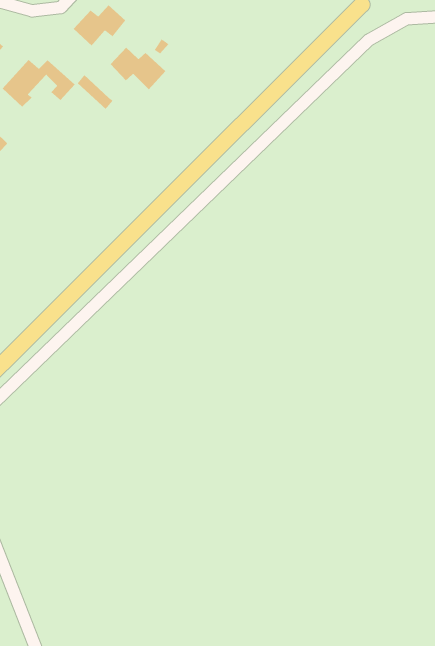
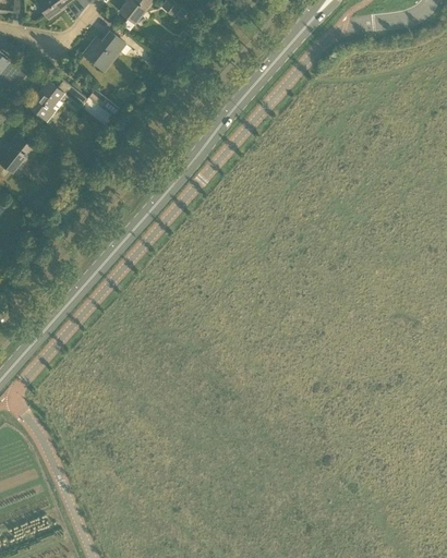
building: [110,47,166,90] -> none

